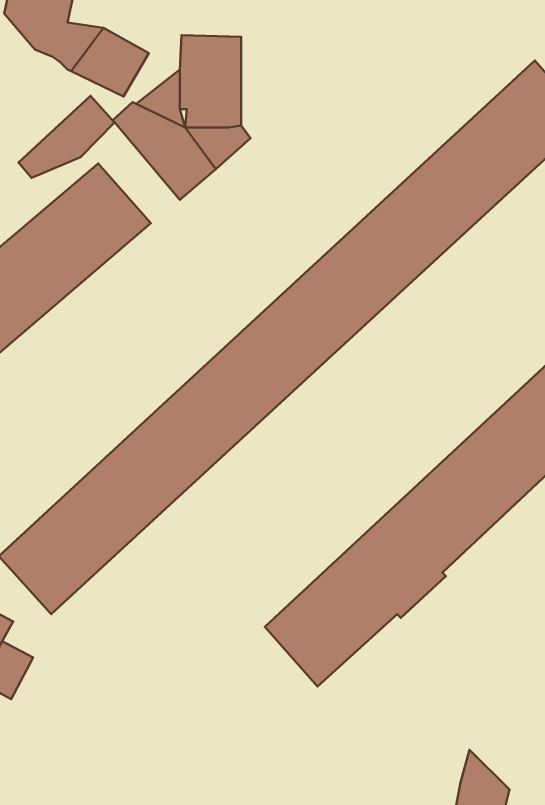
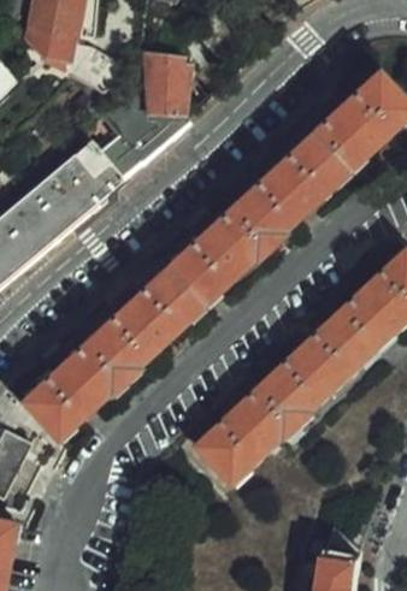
building: [18,96,115,178] -> none

